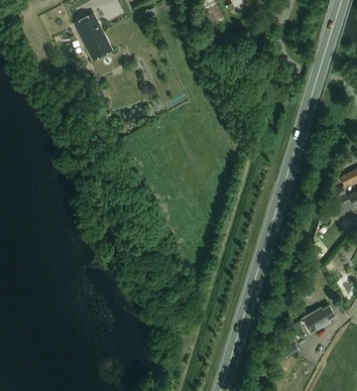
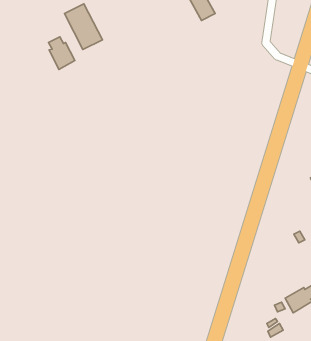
building: none -> [49,37,75,69]

